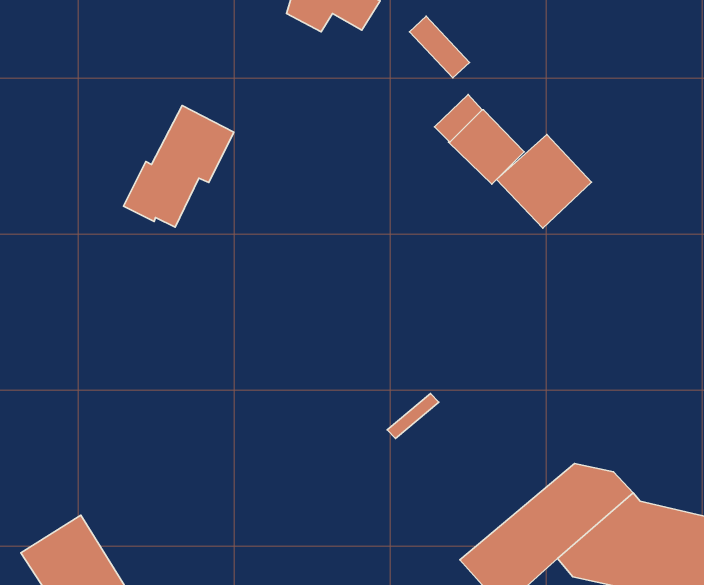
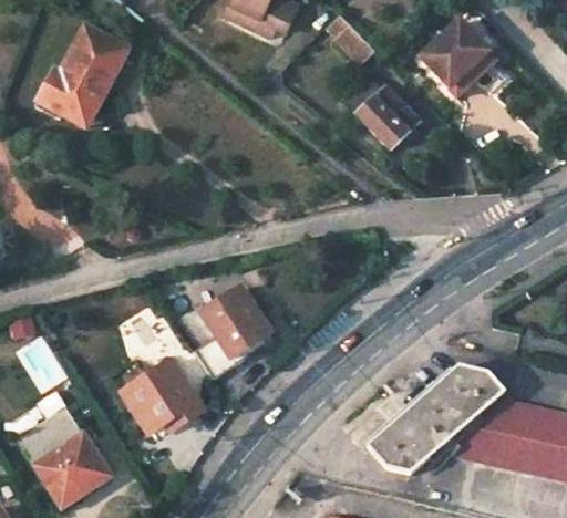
building: [123,106,234,227] -> [38,29,125,125]
building: [497,135,592,228] -> [417,22,493,96]
building: none -> [202,289,261,358]
building: none -> [121,363,200,434]

